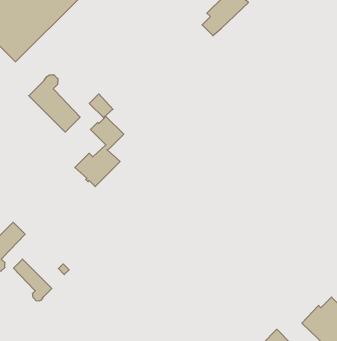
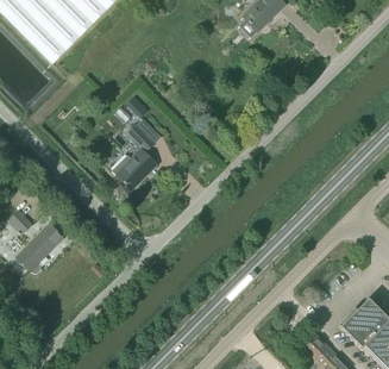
building: [29,75,80,132] -> none
building: [14,259,52,301] -> none

